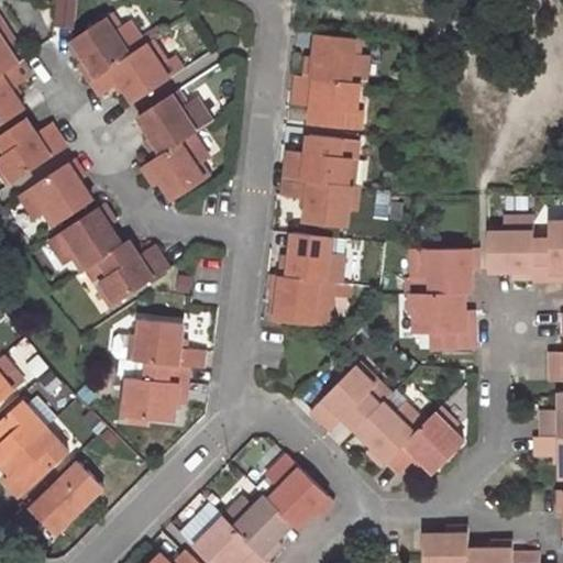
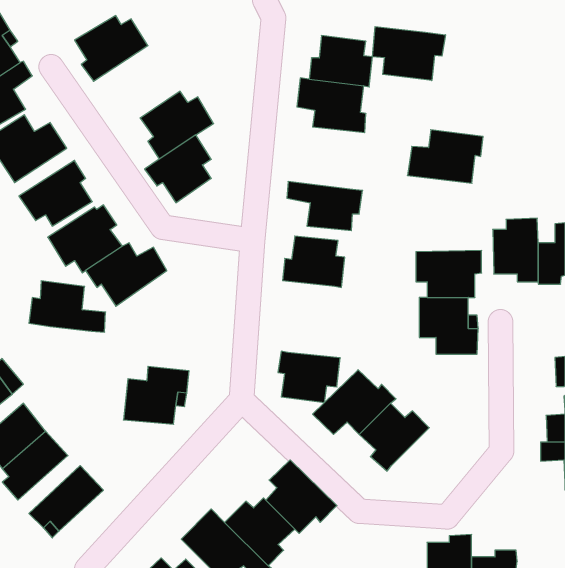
building: none -> [373,27,445,81]
building: [92,41,170,102] -> none
building: [285,135,360,188] -> [407,130,483,183]
building: [269,277,331,328] -> [278,351,340,402]
building: [125,318,201,368] -> [29,281,106,332]
building: [387,408,463,473] -> none

